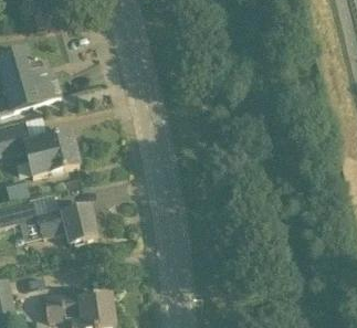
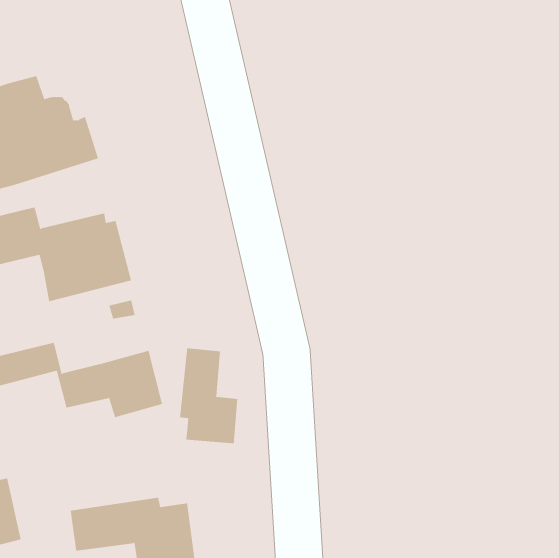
building: none -> [180,348,238,444]

